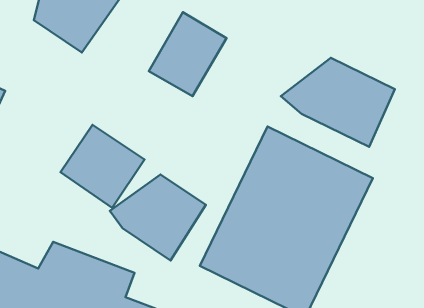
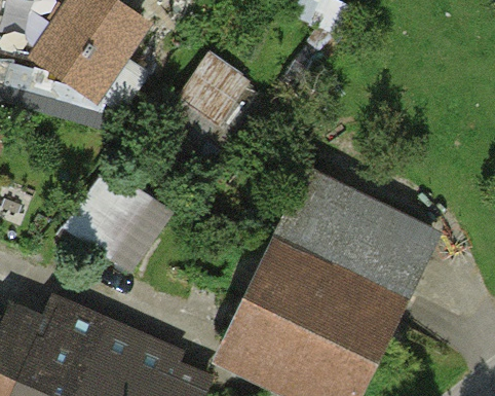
building: [281,58,395,147] -> none
building: [110,174,206,260] -> none

